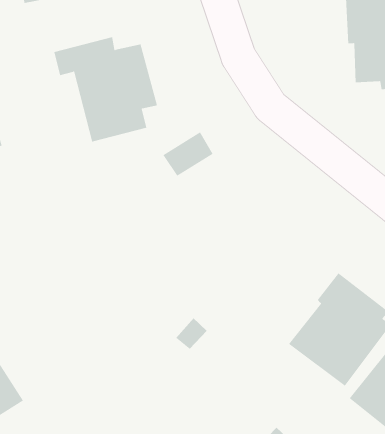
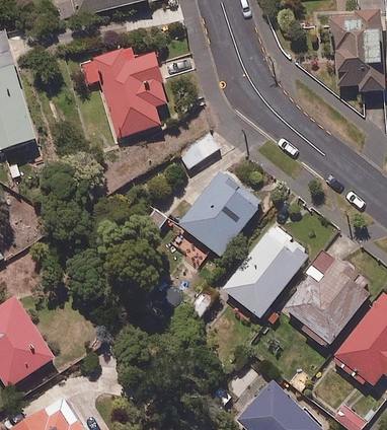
building: none -> [177,169,262,256]
building: none -> [222,223,311,318]

